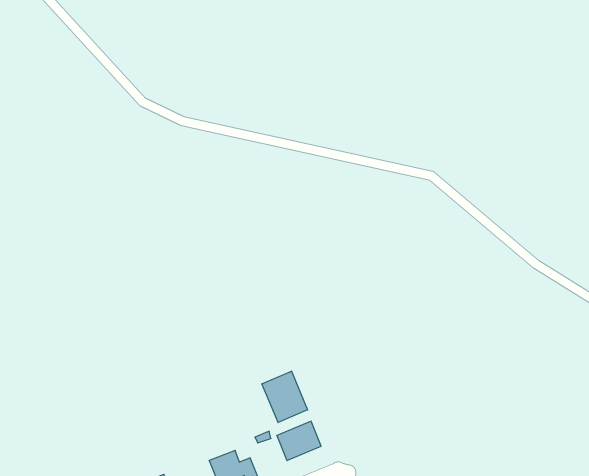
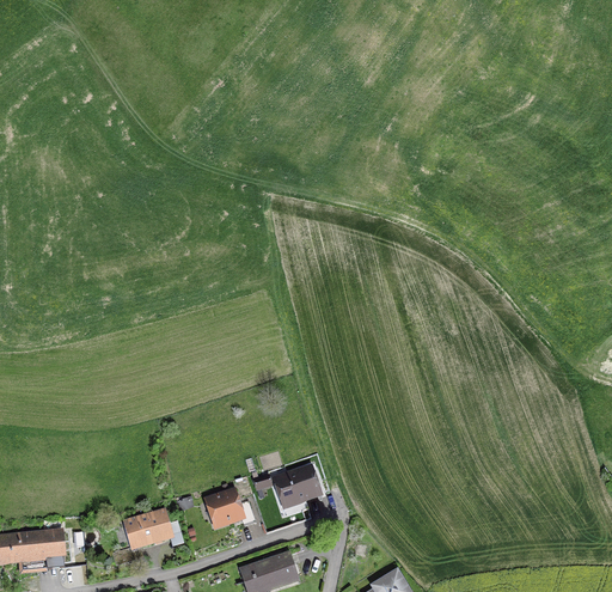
building: [262,371,308,423] -> none

